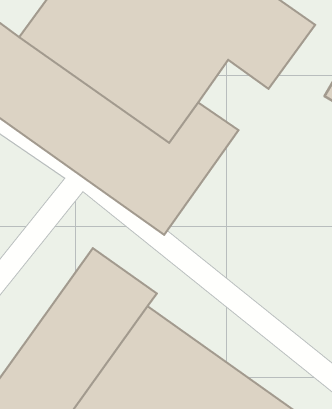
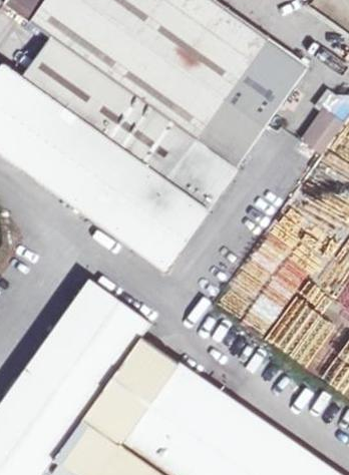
building: none -> [194,99,262,167]

